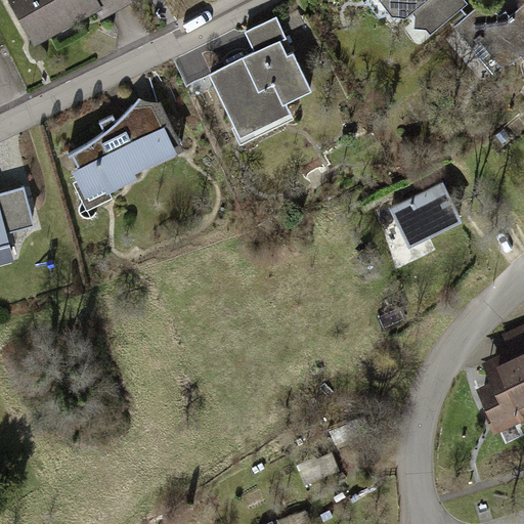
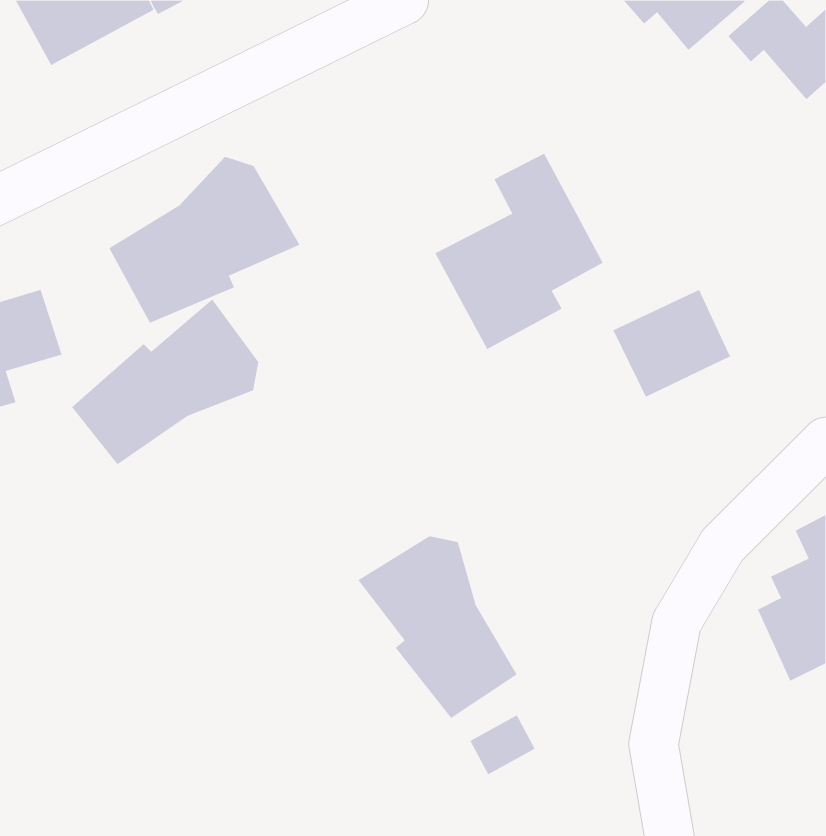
building: [211,14,316,137] -> [434,153,604,350]
building: none -> [71,298,259,465]
building: none -> [358,536,517,719]

